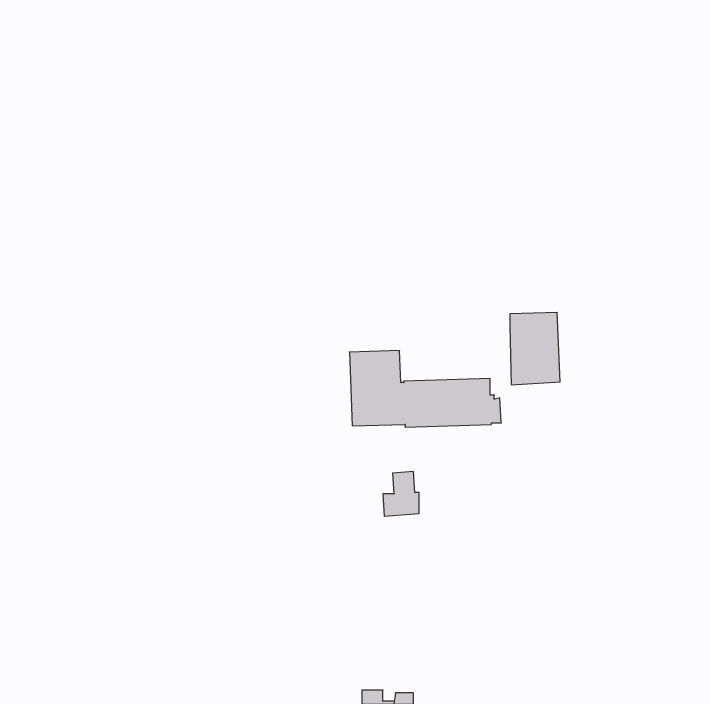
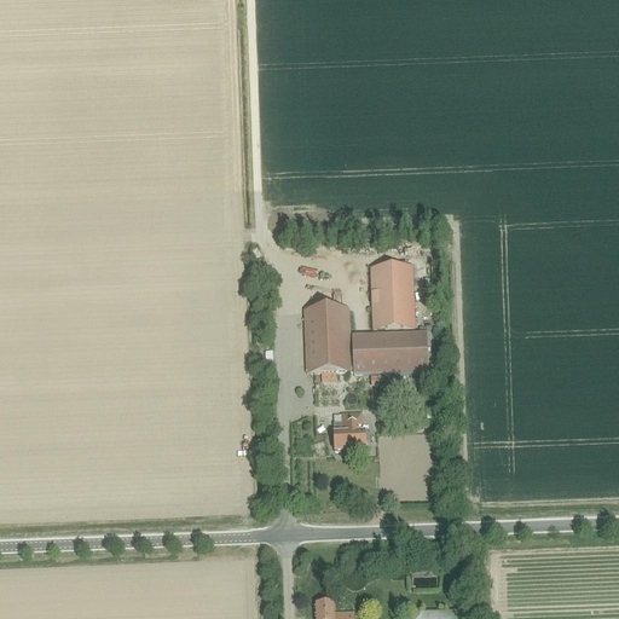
building: [510,312,560,385] -> [370,264,413,326]

